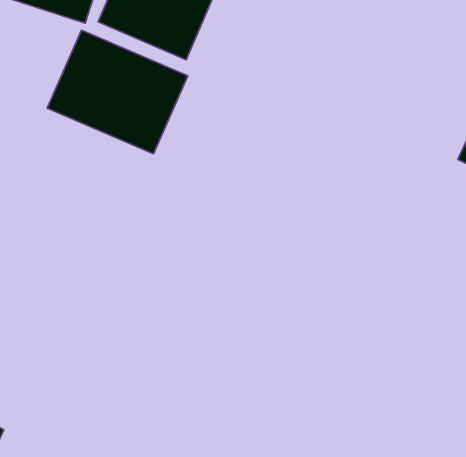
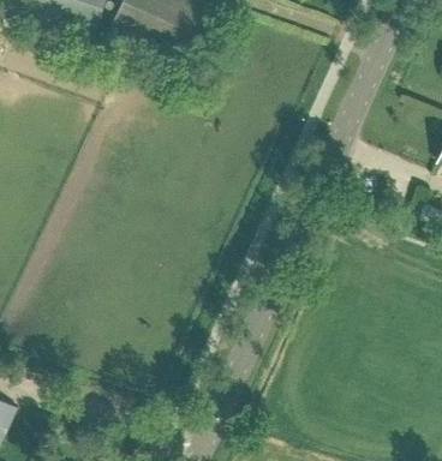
building: [47,30,188,154] -> none

